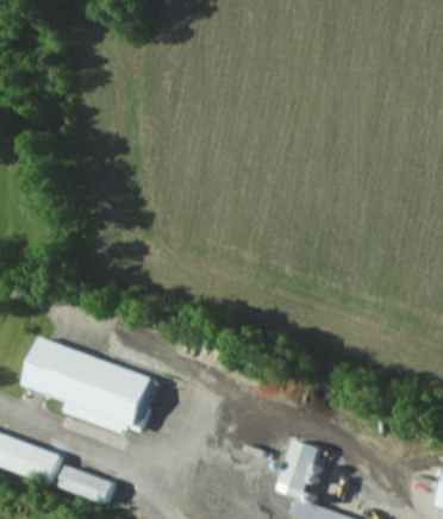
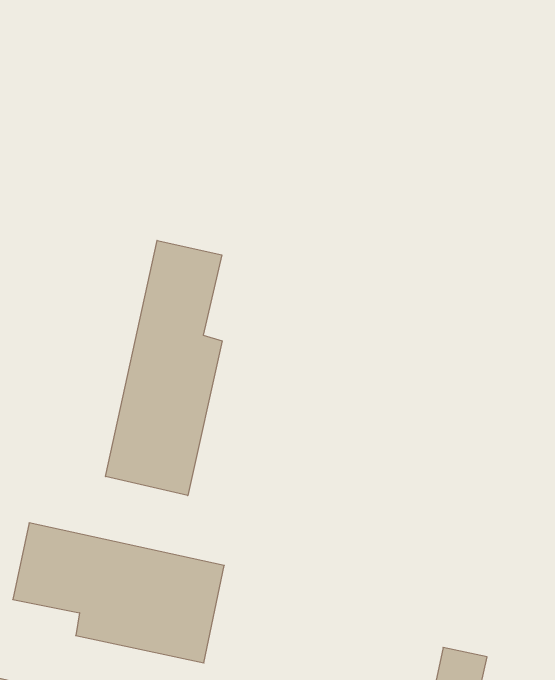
building: none -> [106,240,222,496]

